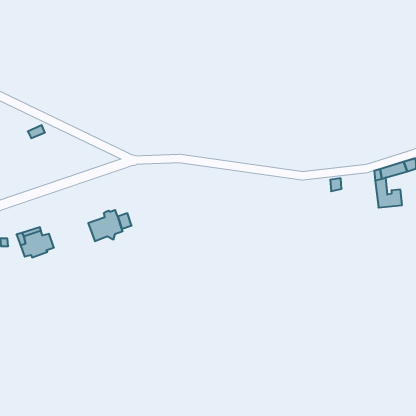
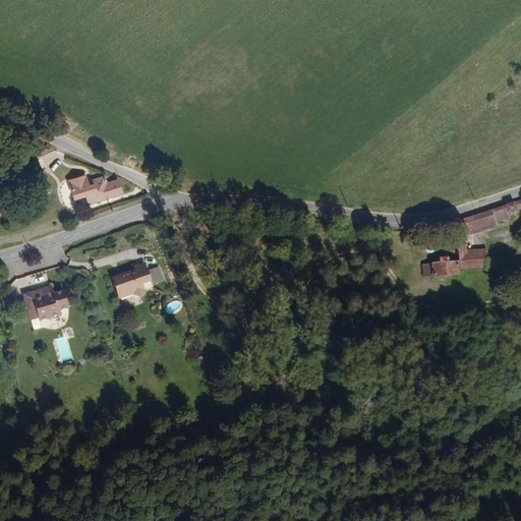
building: none -> [68,174,125,201]
building: none -> [443,251,468,273]

